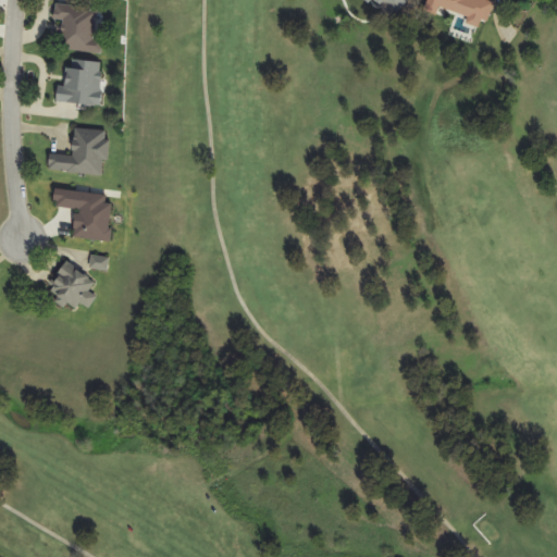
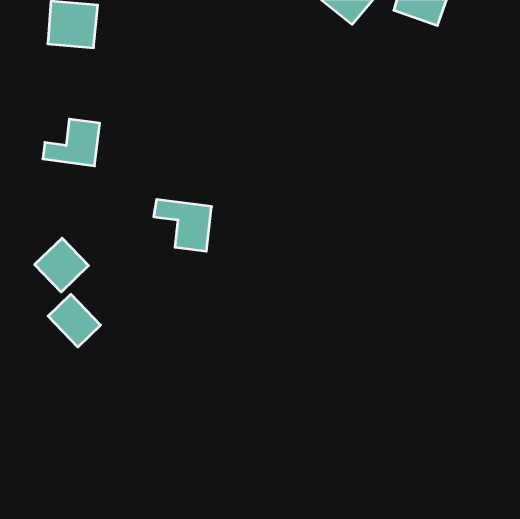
building: [54,54,107,107] -> none
building: [51,186,113,242] -> [154,199,212,251]
building: none -> [48,294,101,347]

